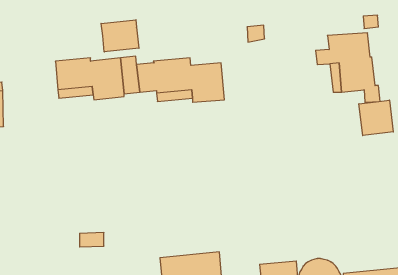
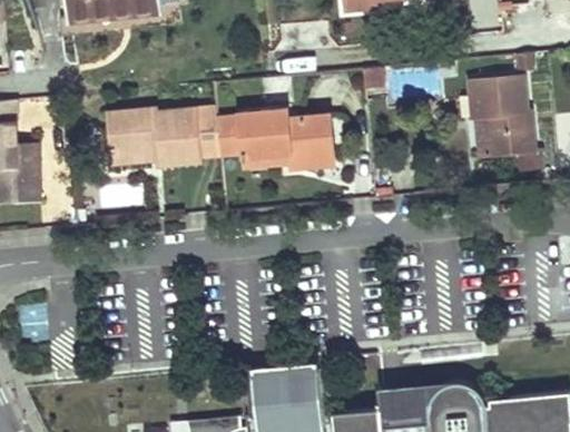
building: [101,20,139,52] -> none
building: [359,100,393,136] -> none

